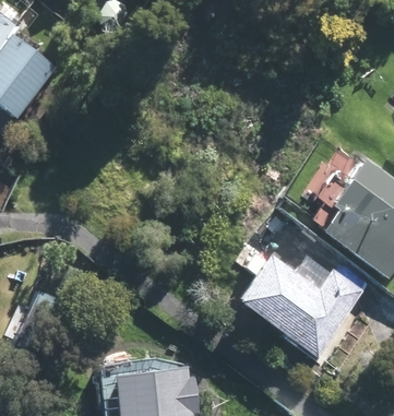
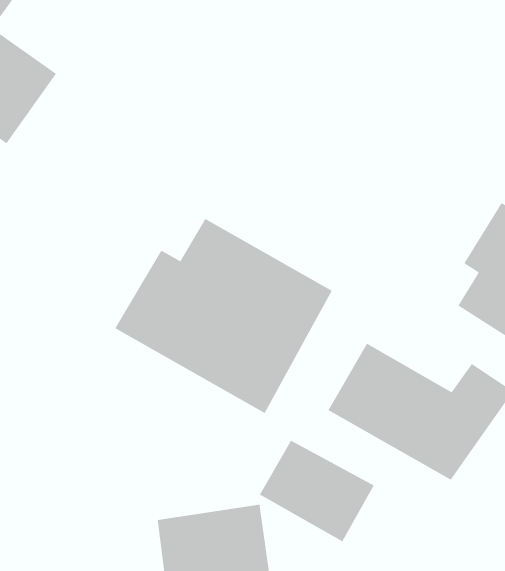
building: none -> [115,218,333,414]
building: none -> [259,440,374,542]

